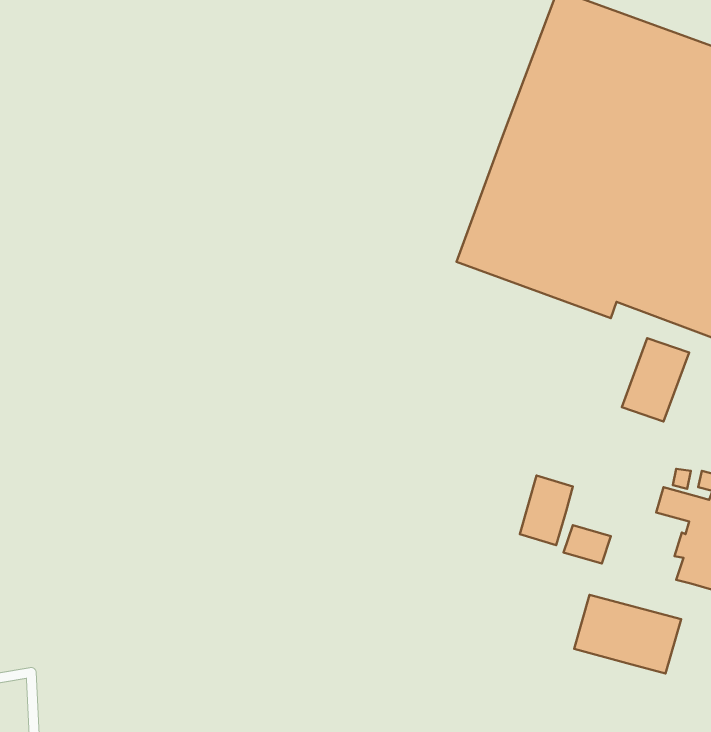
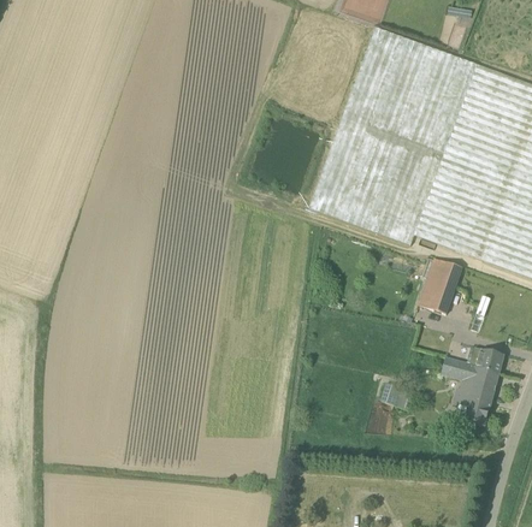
building: [520,476,573,545] -> none
building: [574,595,681,673] -> none

